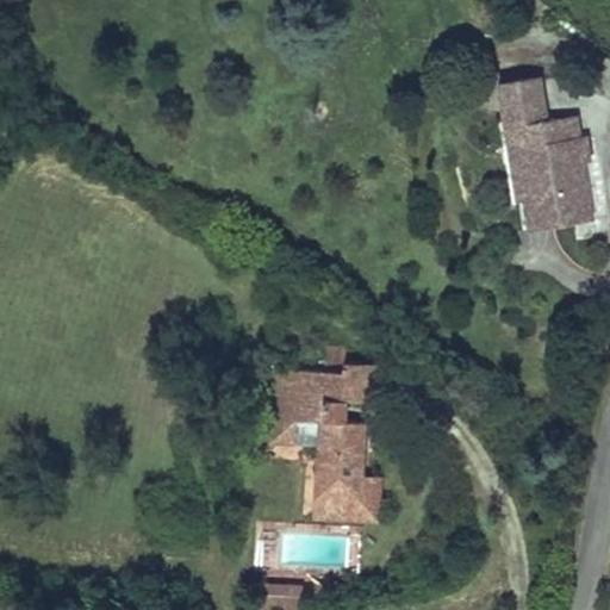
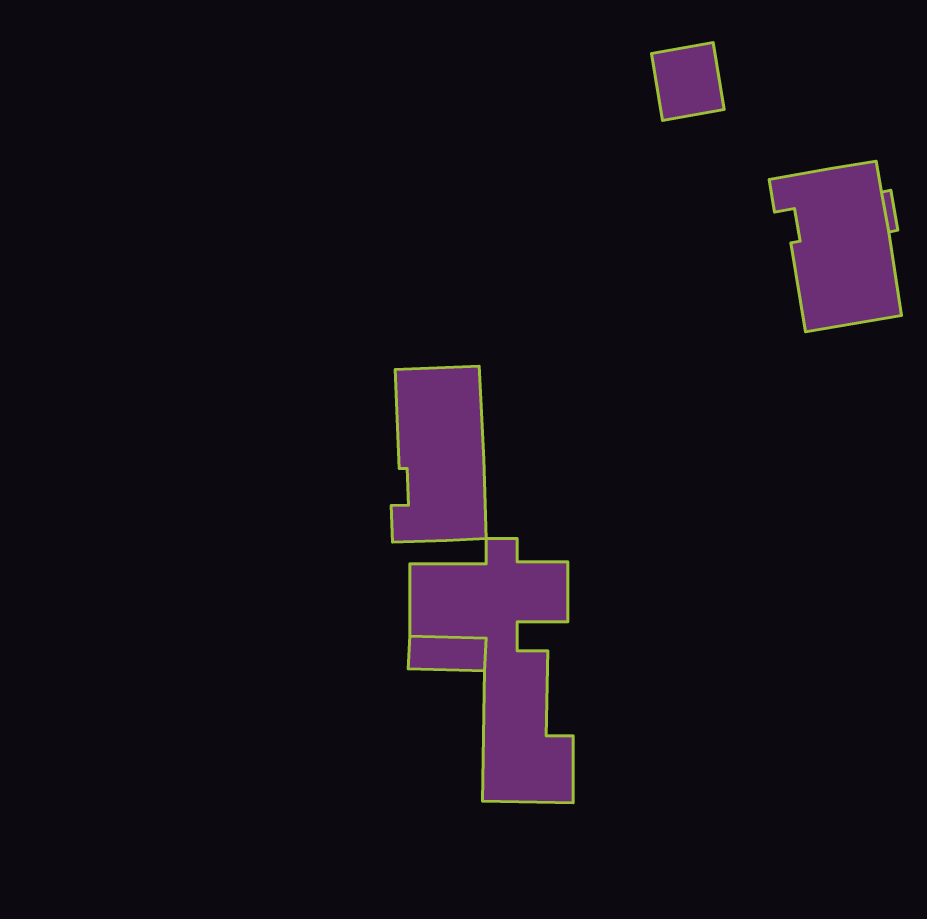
building: [498,71,546,123] -> [652,43,724,120]
building: none -> [391,366,486,542]

